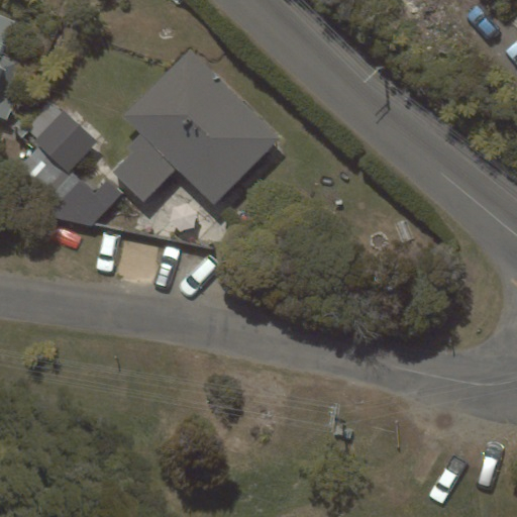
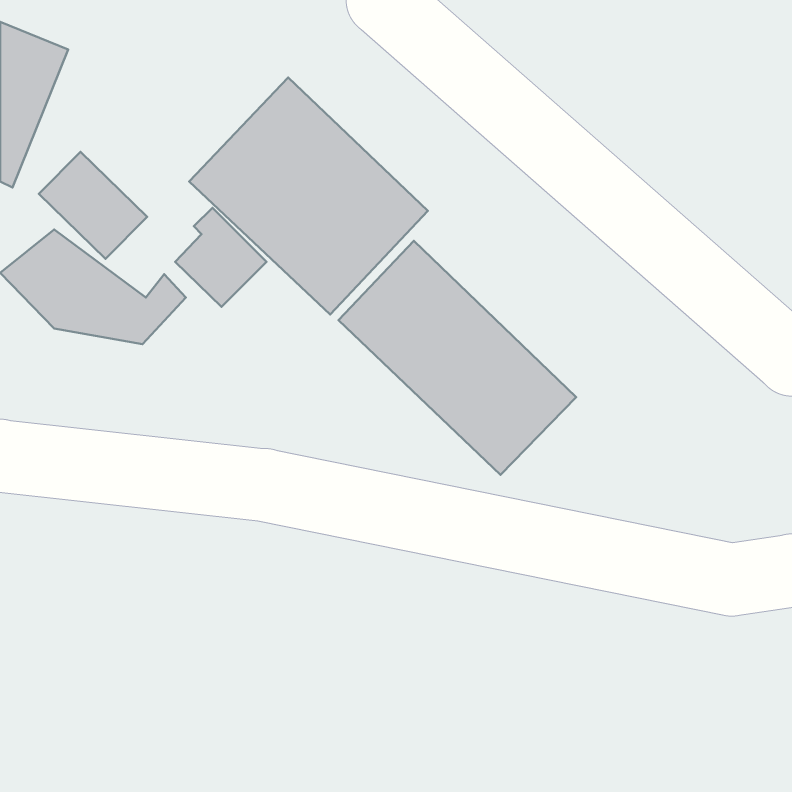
building: none -> [338,241,576,475]

